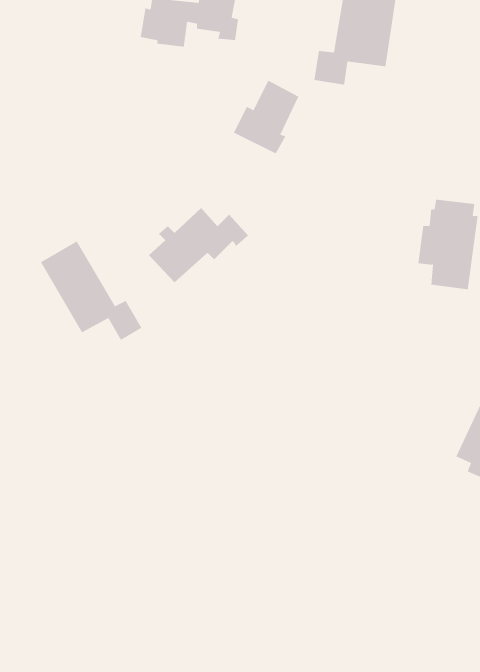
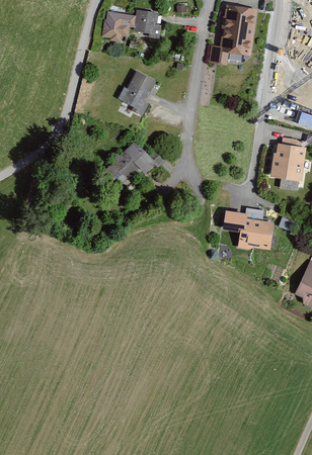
building: [233,80,299,154] -> [116,69,157,114]
building: [40,241,142,341] -> none
building: none -> [225,206,279,249]

